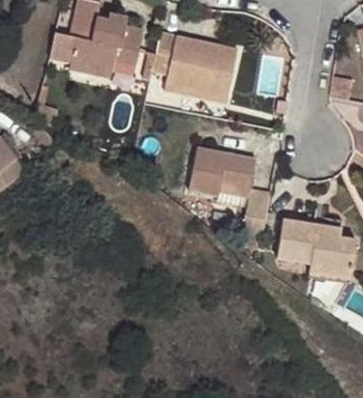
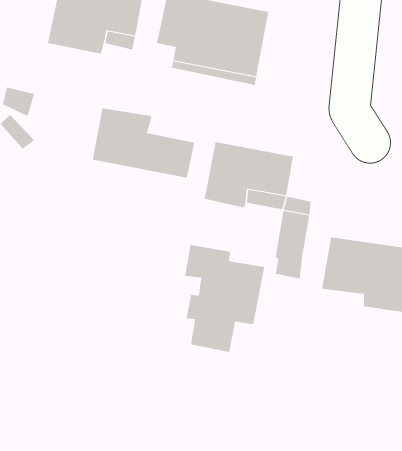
building: none -> [92,108,195,178]
building: none -> [185,244,265,353]

